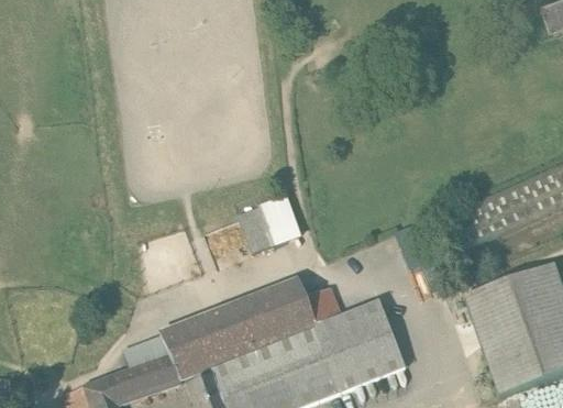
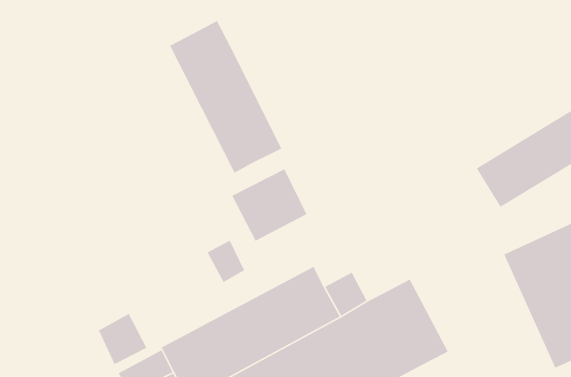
building: none -> [168,20,283,174]
building: none -> [206,240,245,283]
building: none -> [98,313,148,365]

